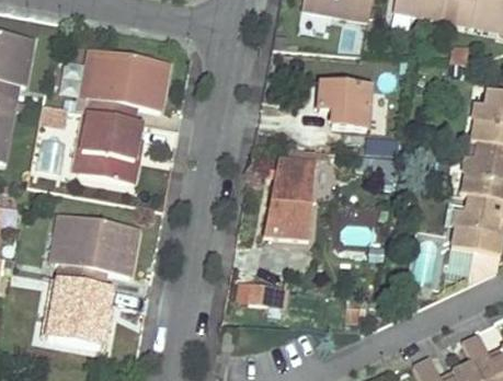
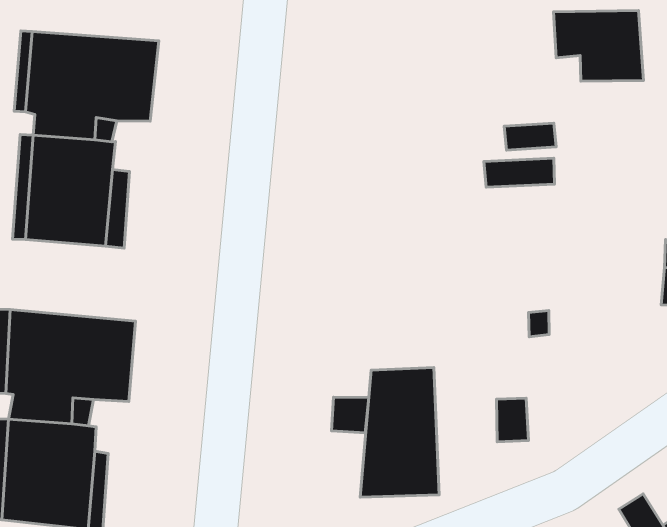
building: [318,82,369,128] -> [553,11,644,81]
building: [263,160,315,238] -> [360,368,439,497]

